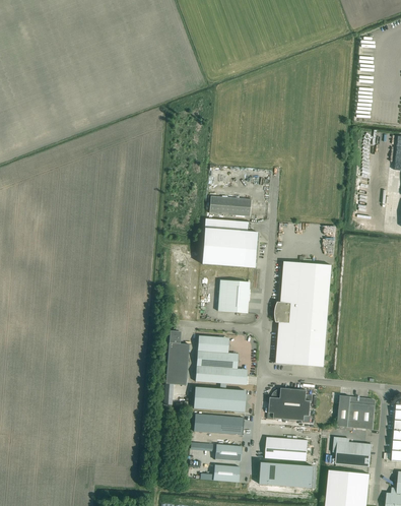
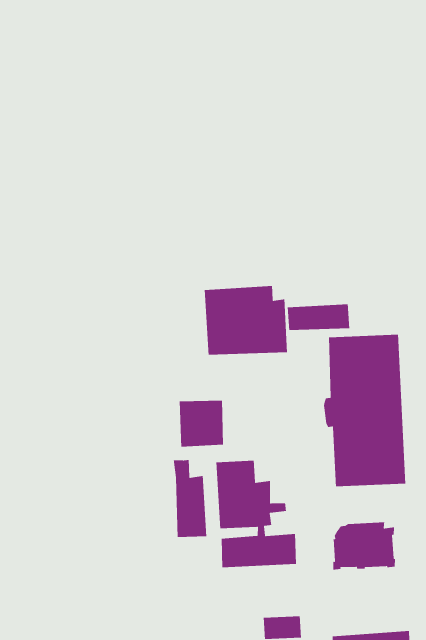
building: [209,196,252,216] -> [287,303,350,331]
building: [217,279,250,313] -> [179,400,224,448]
building: [194,414,244,435] -> none
building: [265,436,308,460] -> none

